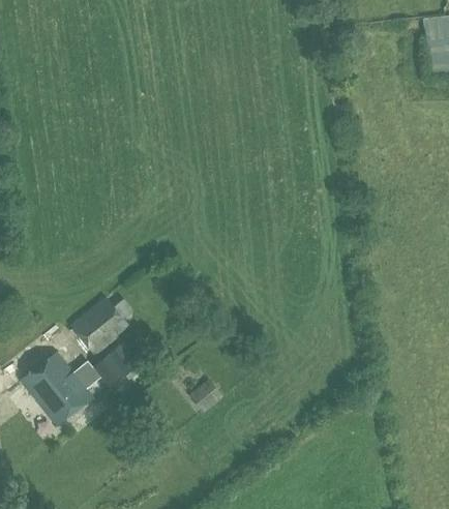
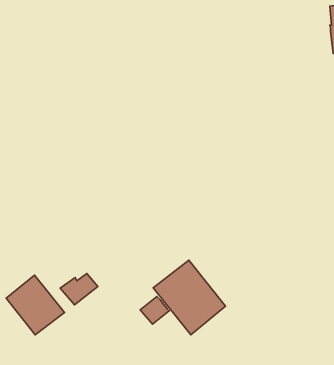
building: [69,296,137,356] -> none
building: none -> [153,260,226,335]

